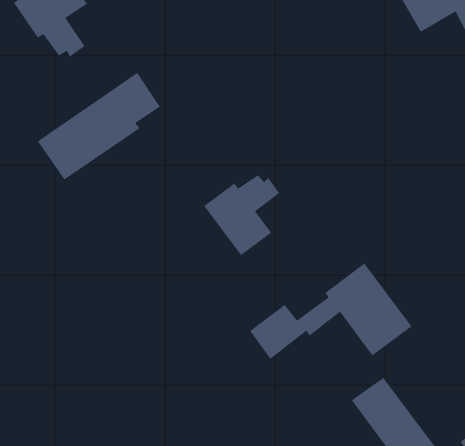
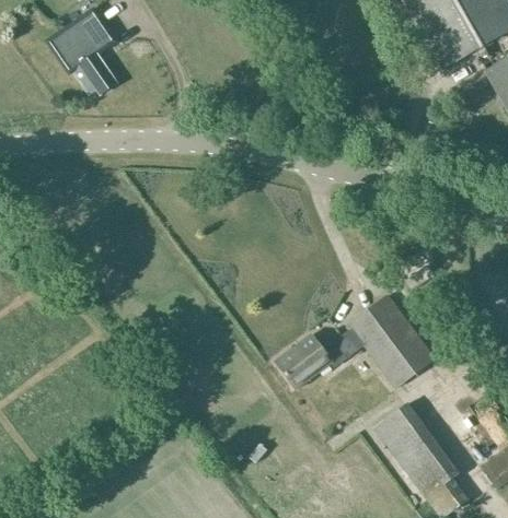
building: [37,72,161,180] -> none
building: [203,174,280,256] -> none

